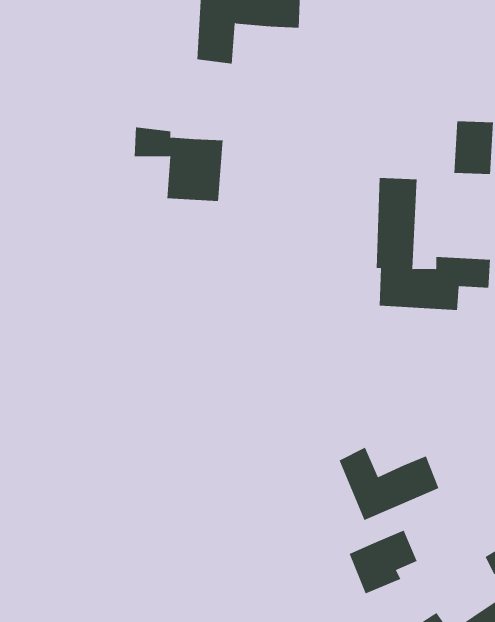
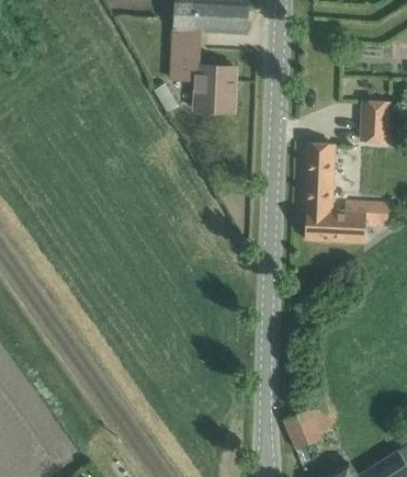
building: [134,127,223,201] -> [170,57,236,112]
building: [339,447,439,521] -> none

